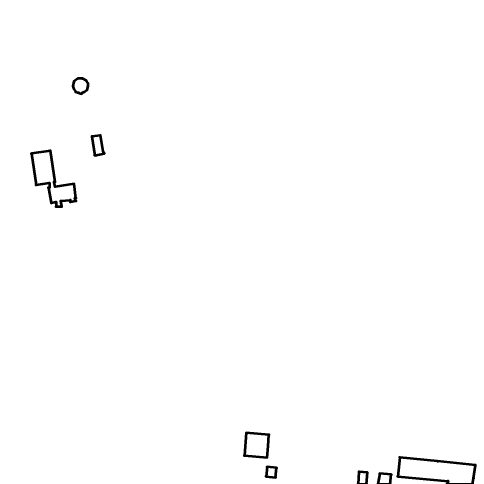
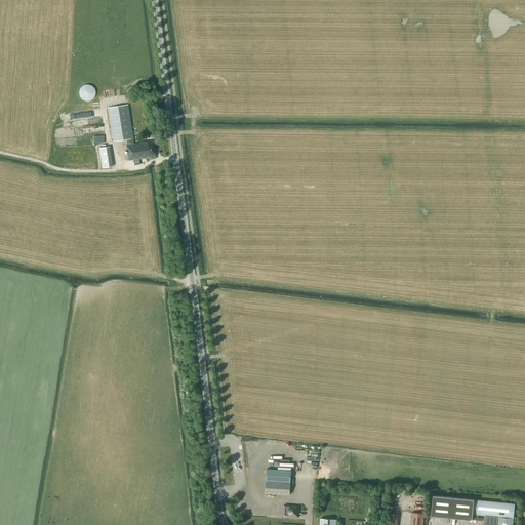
building: [31,151,76,207] -> [108,105,156,165]

